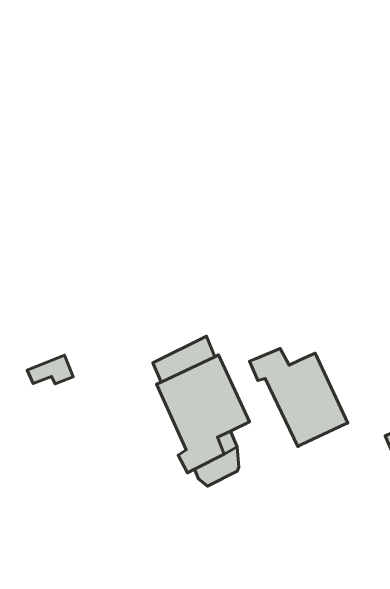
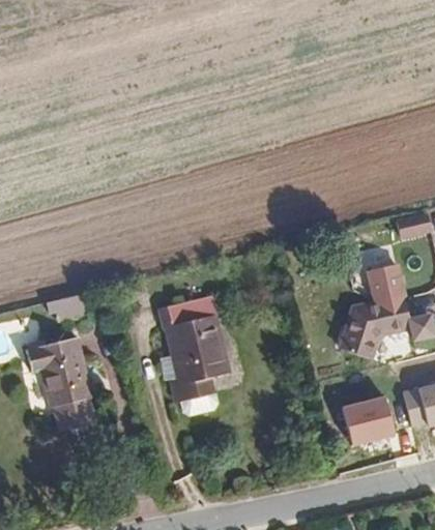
building: [249,348,348,446] -> none
building: none -> [42,350,107,419]

